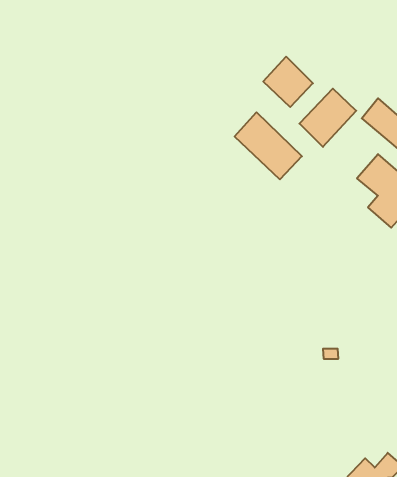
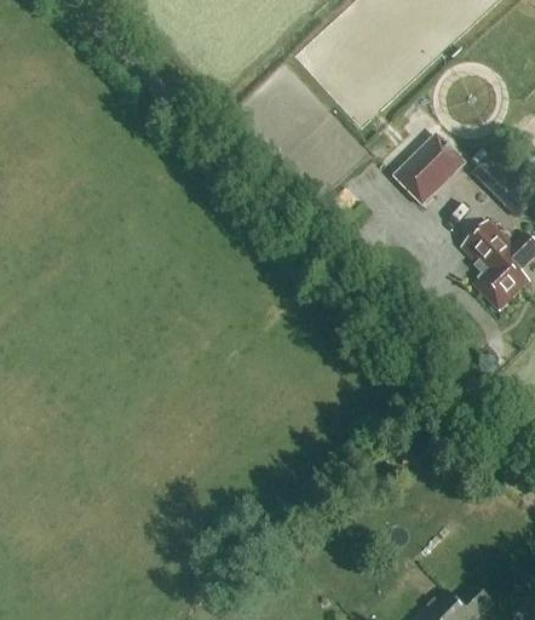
building: [263,57,313,107] -> none
building: [235,112,302,179] -> none

